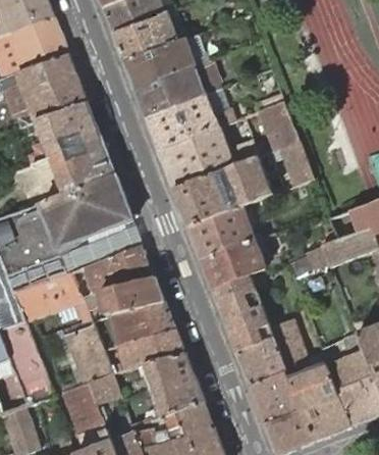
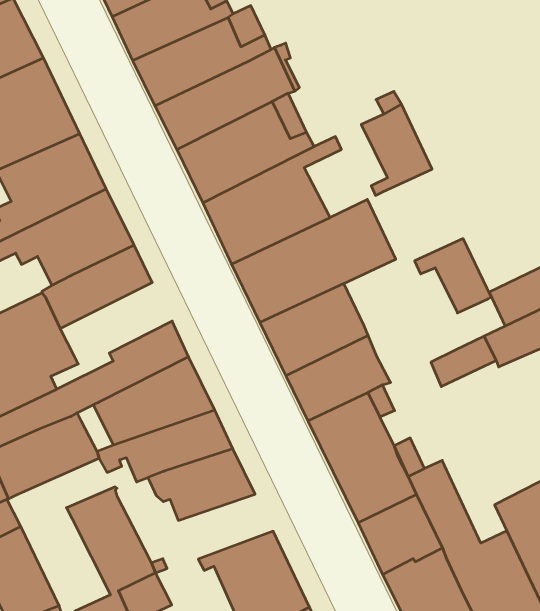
building: [269,143,314,188] -> [415,239,491,313]
building: [66,198,133,244] -> none
building: [119,332,185,371] -> none

